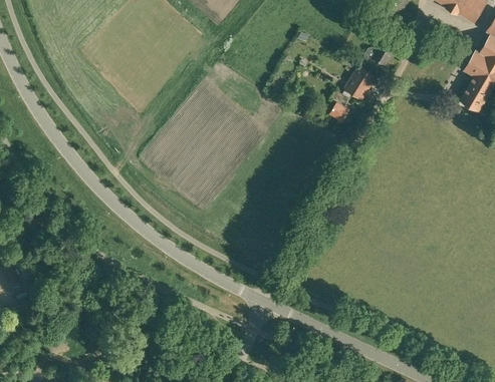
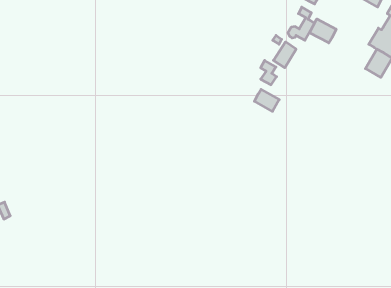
building: none -> [310,19,336,43]
building: none -> [254,89,279,111]

